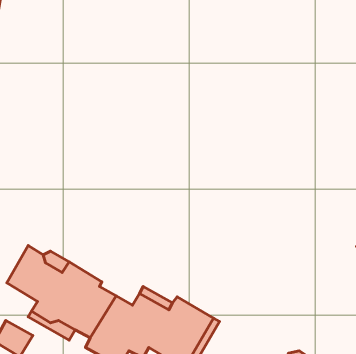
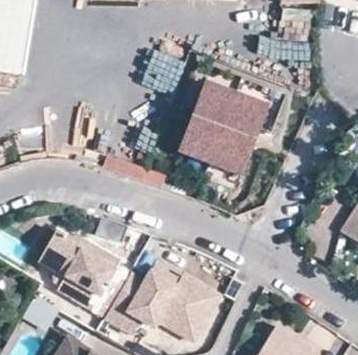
building: none -> [178,82,266,176]

